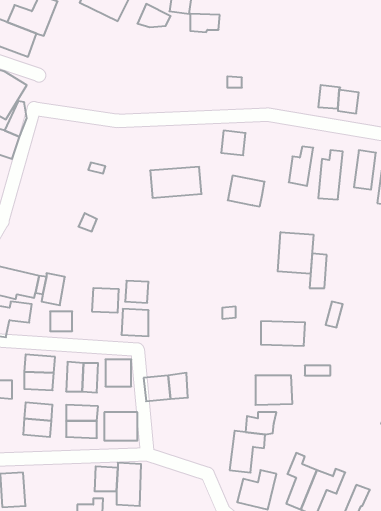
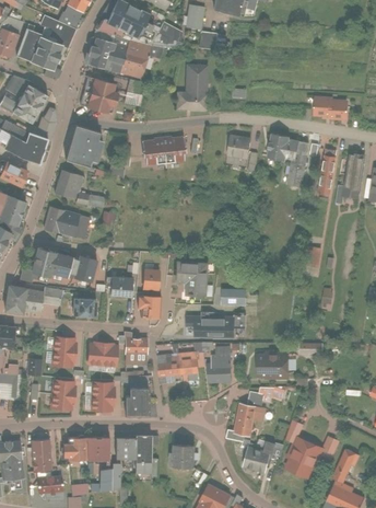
building: none -> [84,34,157,80]
building: none -> [175,67,205,108]
building: none -> [80,78,113,114]
building: none -> [66,125,105,165]
building: [150,167,202,198] -> [140,137,186,164]
building: none -> [54,169,86,205]
building: [228,176,265,206] -> [268,132,301,160]
building: none -> [44,205,82,238]
building: [278,232,313,274] -> none
building: none -> [175,261,208,296]
building: [261,321,305,346] -> [196,316,235,338]
building: none -> [208,345,233,383]
building: none -> [64,436,111,460]
building: none -> [174,444,197,466]

